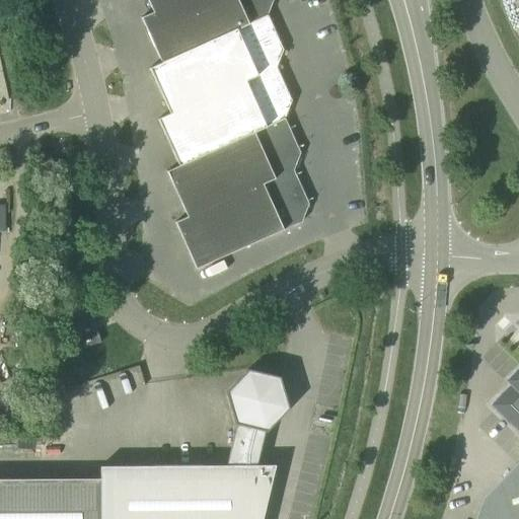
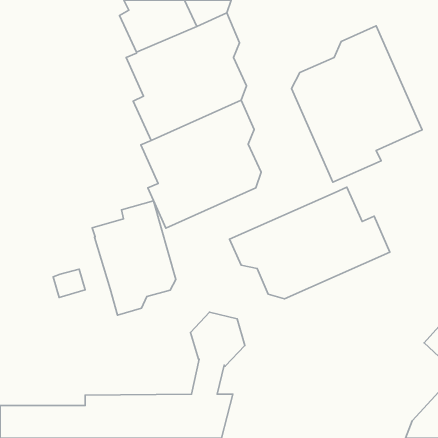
building: none -> [291,26,422,182]
building: none -> [229,187,390,299]
building: none -> [92,201,176,315]

